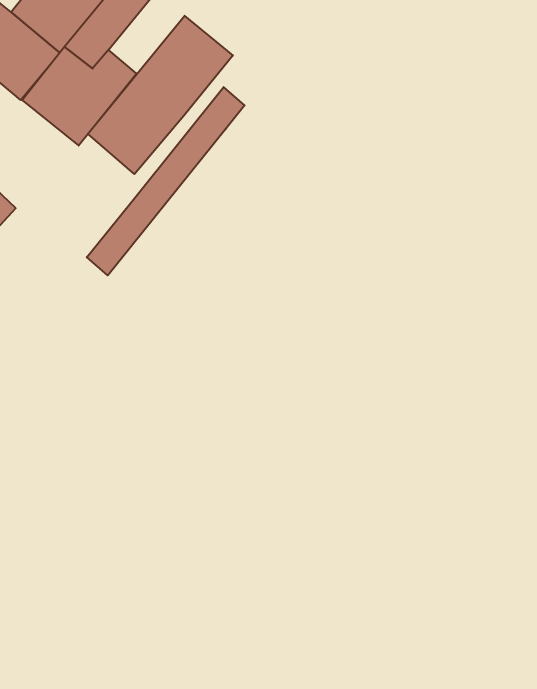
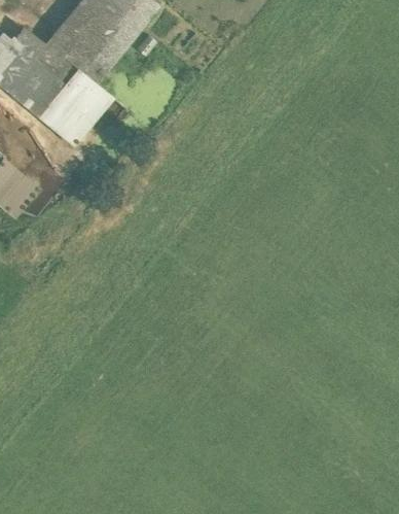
building: [88,16,233,174] -> none
building: [87,87,245,275] -> none

